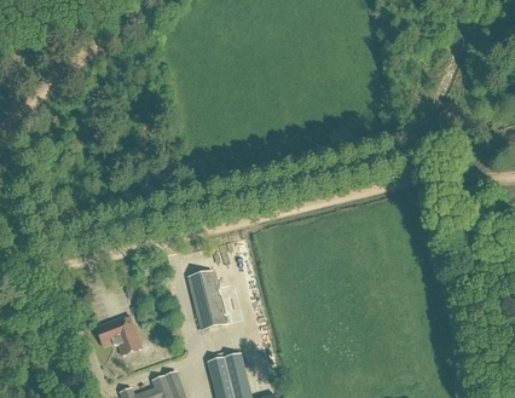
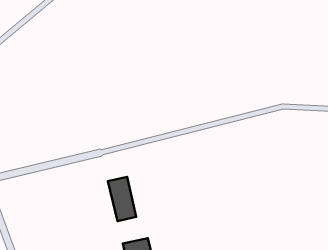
building: [96,315,140,354] -> none

